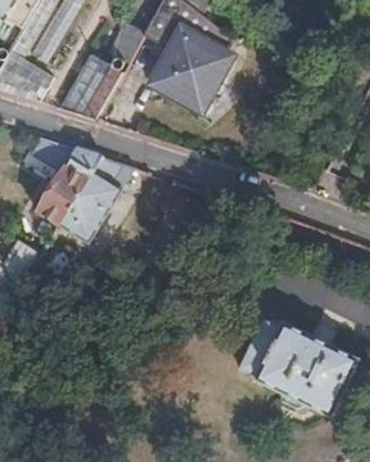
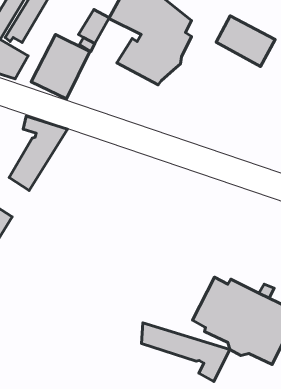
building: none -> [216,16,275,66]
building: [56,156,129,240] -> none
building: none -> [142,323,230,382]

